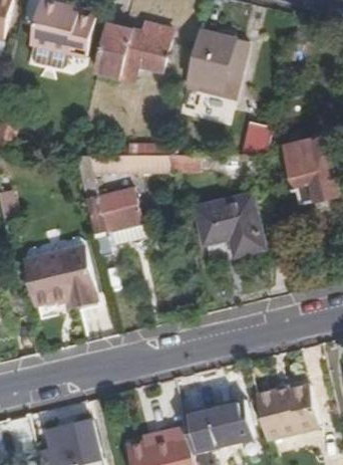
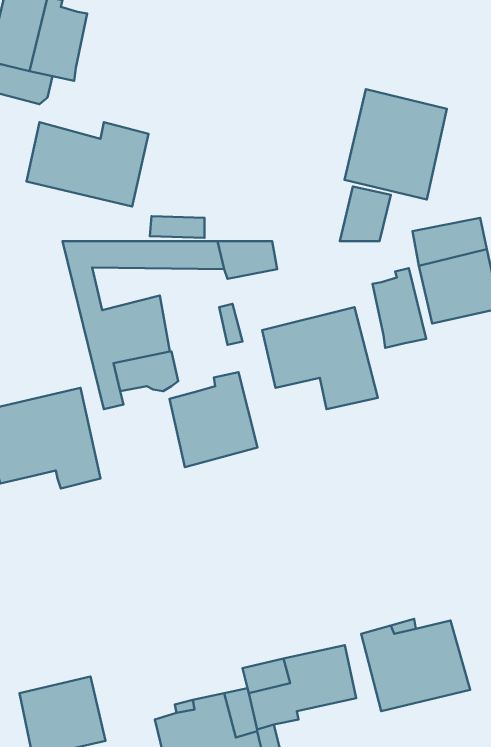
building: [96,25,170,76] -> [26,122,149,206]
building: [185,31,247,98] -> [344,89,447,200]
building: none -> [372,268,426,348]
building: none -> [170,372,258,467]

